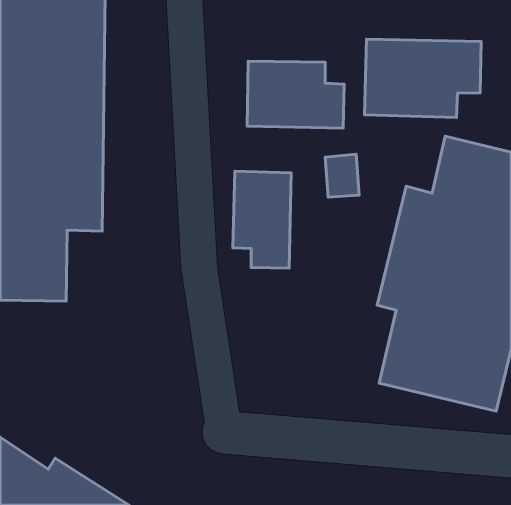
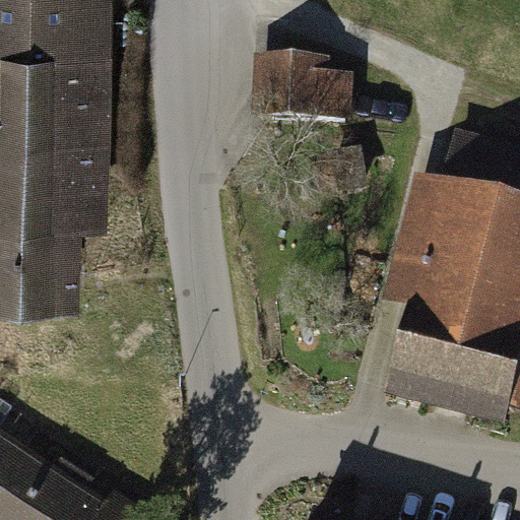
building: [365,39,481,118] -> none
building: [233,171,291,268] -> none

